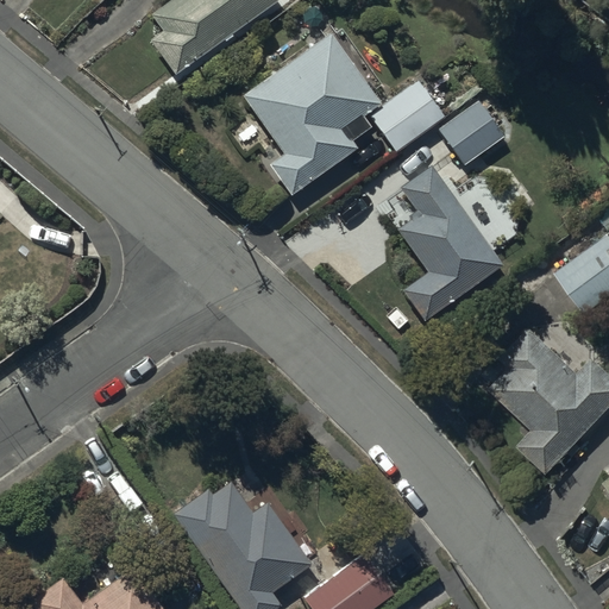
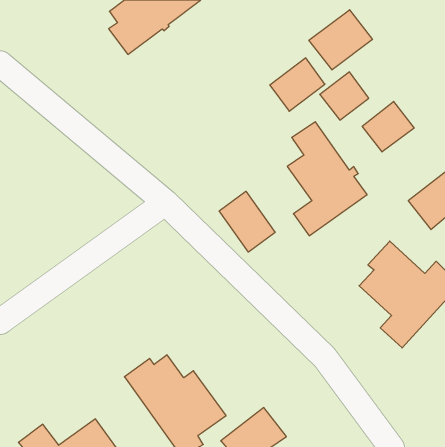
building: none -> [309,10,372,70]
building: [243,36,379,195] -> none
building: none -> [362,101,414,152]
building: none -> [219,191,275,252]

